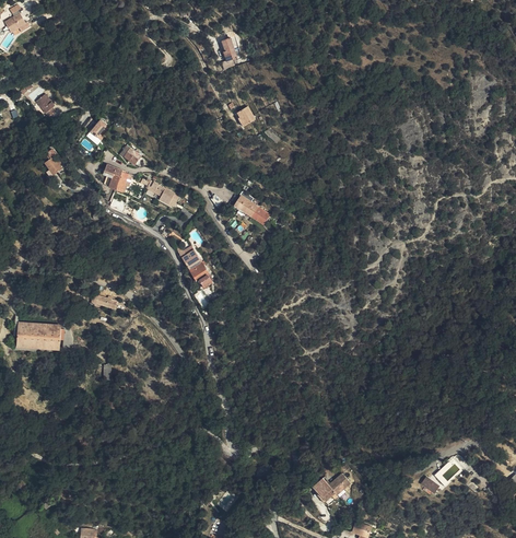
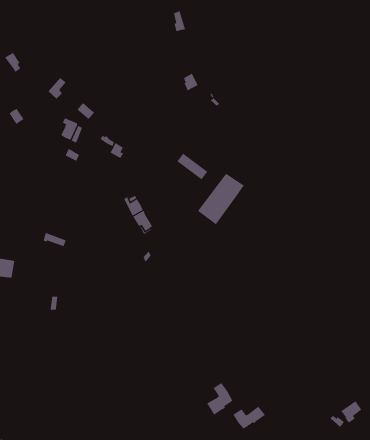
building: none -> [197,173,244,225]
building: none -> [206,382,233,416]

